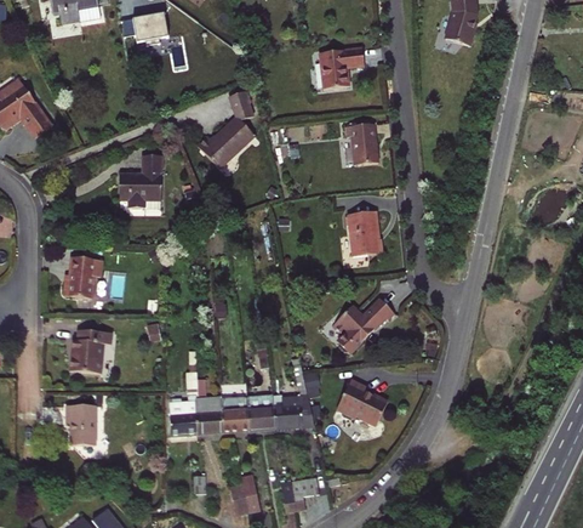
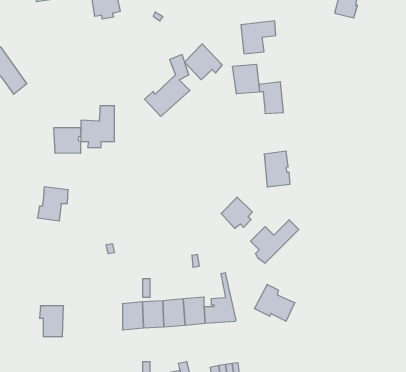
building: none -> [185,44,222,80]
building: none -> [233,64,259,94]
building: none -> [54,128,81,153]
building: none -> [221,197,252,229]
building: [73,329,113,371] -> none

